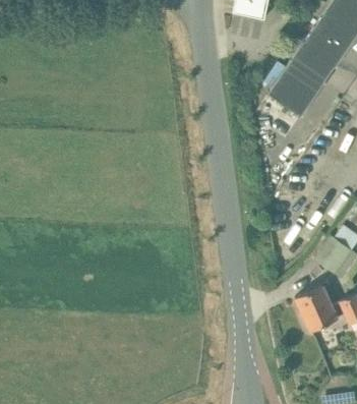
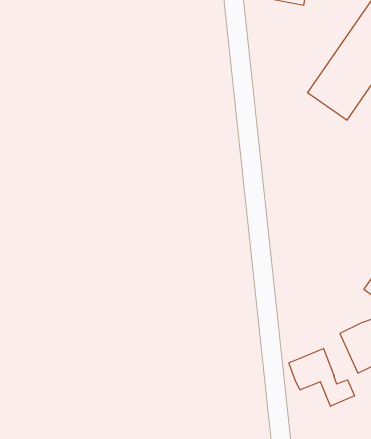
building: none -> [289,348,354,406]

